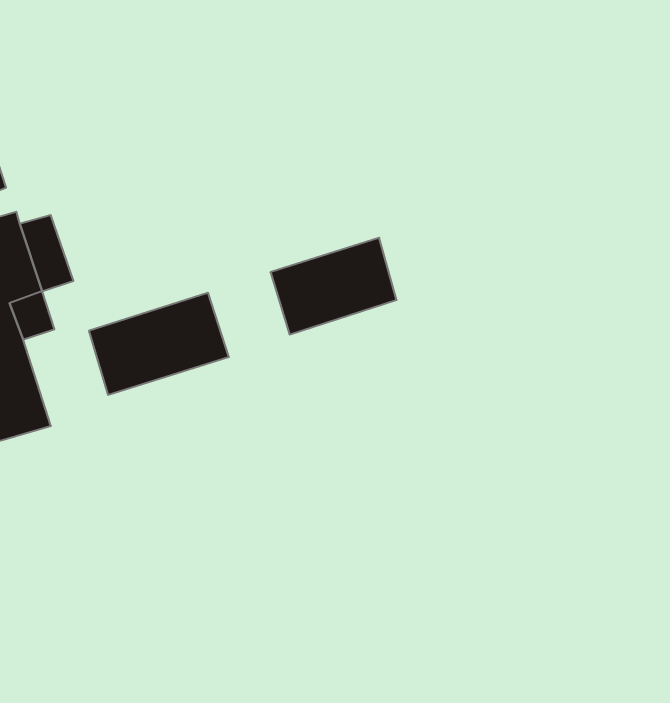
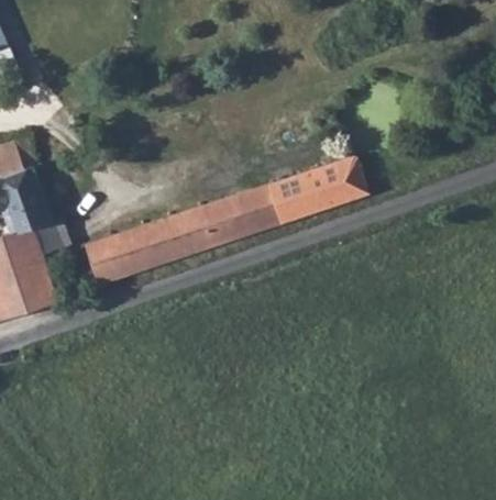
building: none -> [265,157,363,225]
building: none -> [156,208,208,262]

